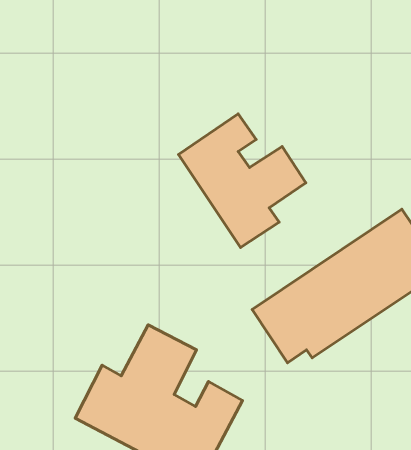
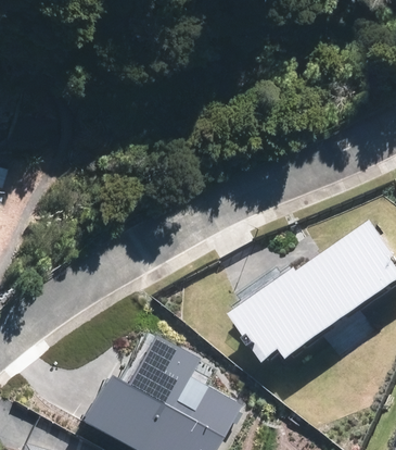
building: [178,114,306,247] -> none

